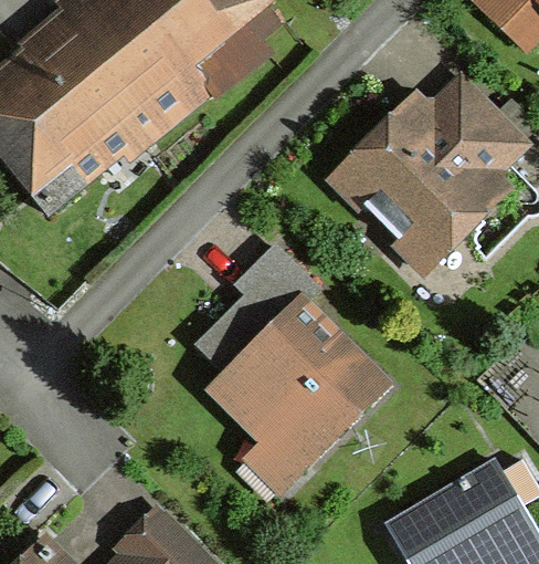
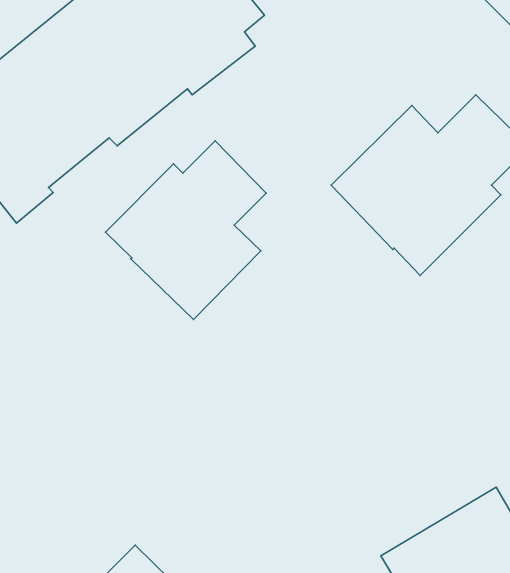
building: none -> [105,141,266,319]
building: [199,249,383,464] -> none

